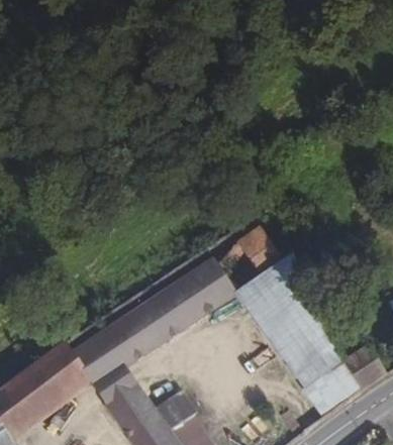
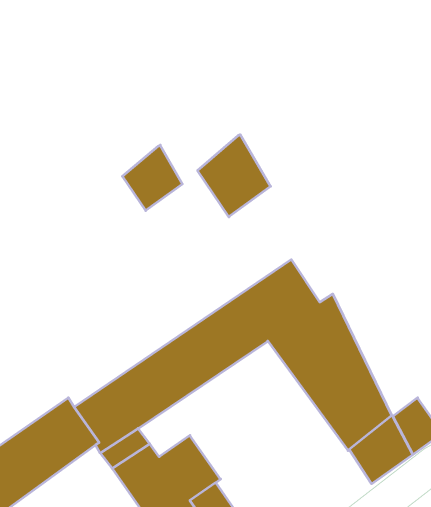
building: none -> [198,135,271,217]
building: none -> [122,145,182,211]

